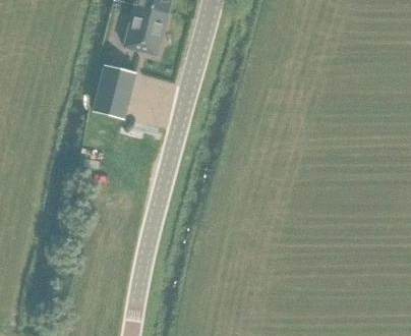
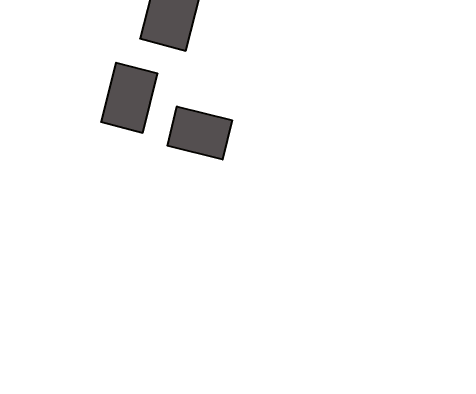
building: none -> [167,106,232,160]

